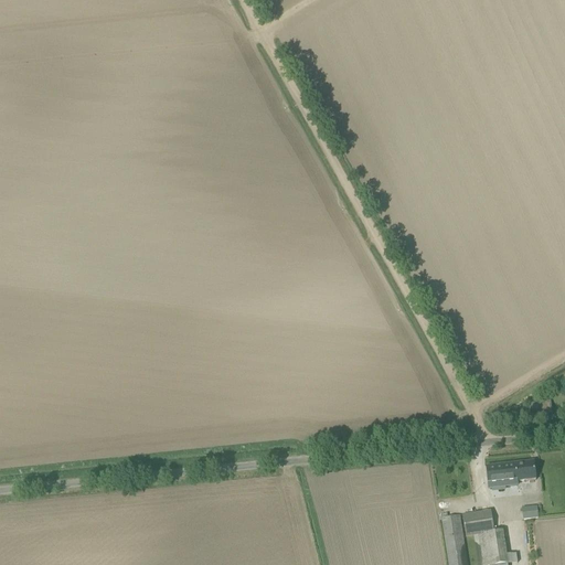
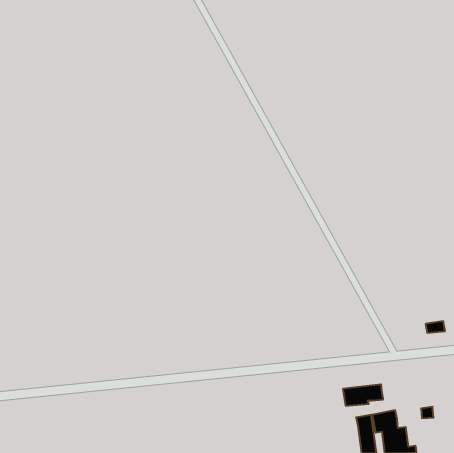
building: [487,460,536,487] -> [343,384,383,406]

